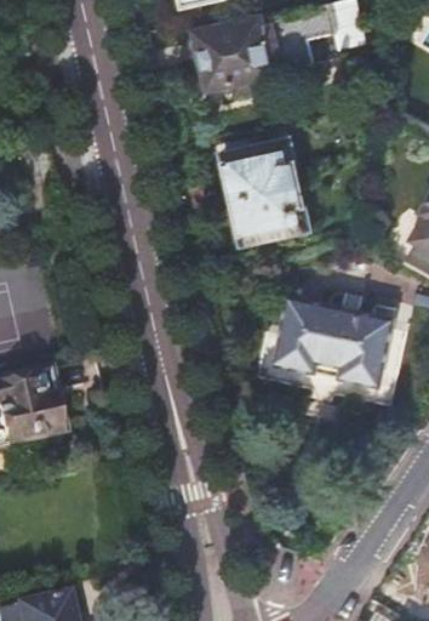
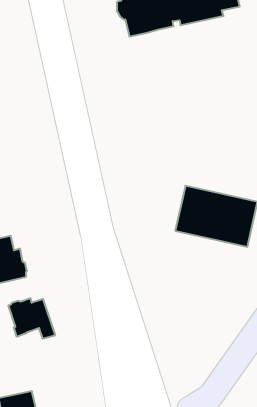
building: [222,137,308,240] -> none
building: none -> [8,298,55,339]

